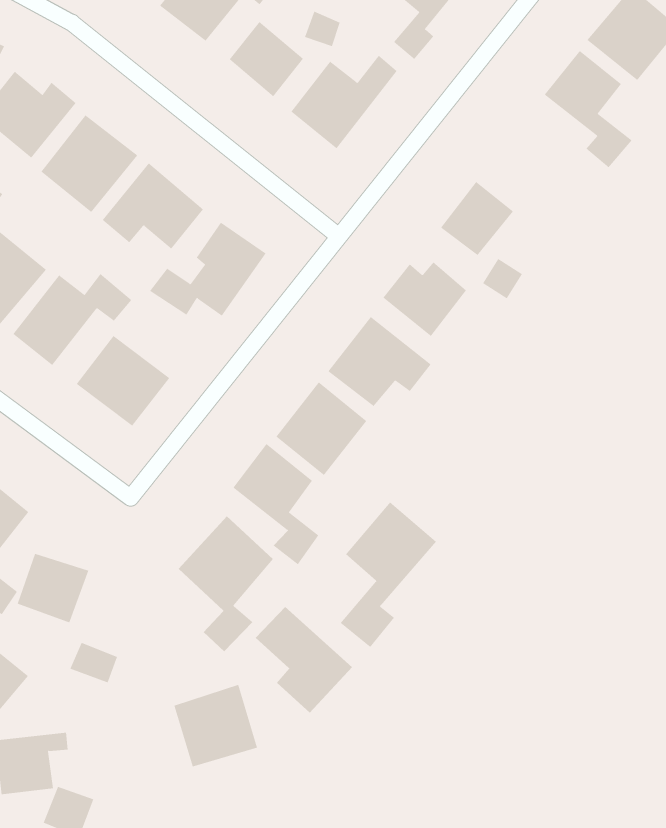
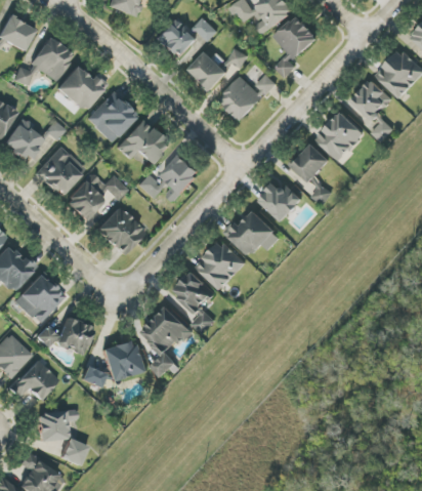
building: none -> [314,111,365,160]
building: [340,501,437,648] -> none
building: [255,606,353,713] -> none
building: [173,684,258,767] -> [102,339,144,380]

